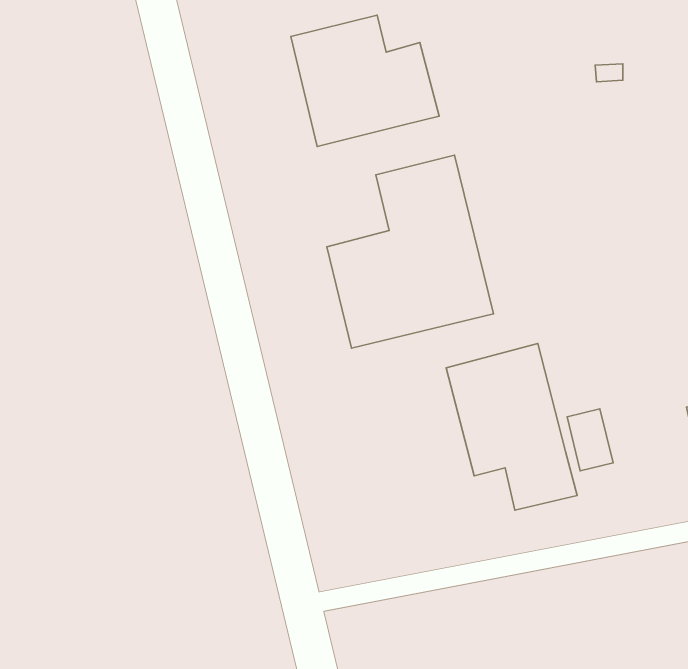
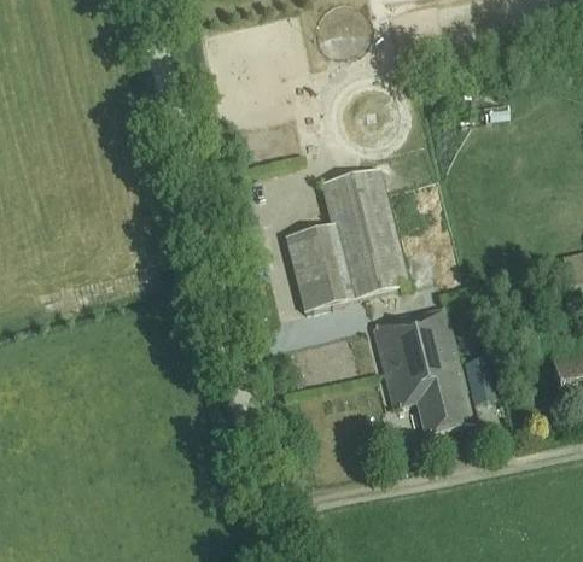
building: [291,15,439,146] -> none

